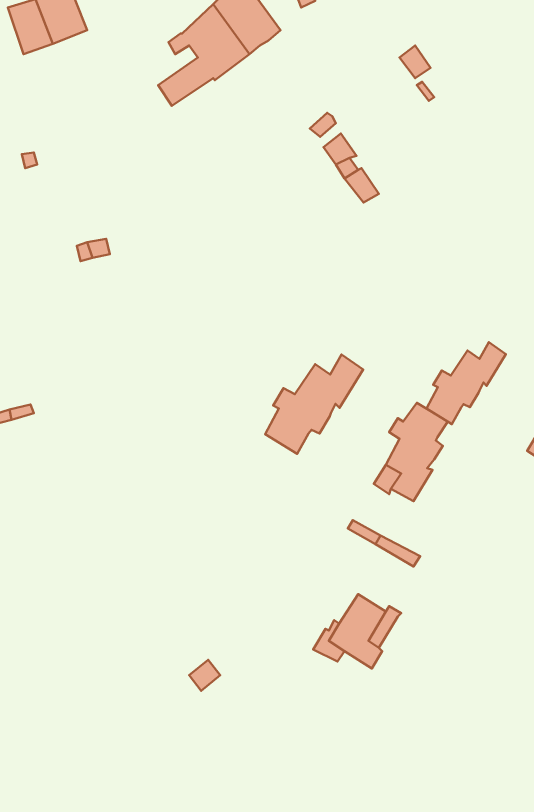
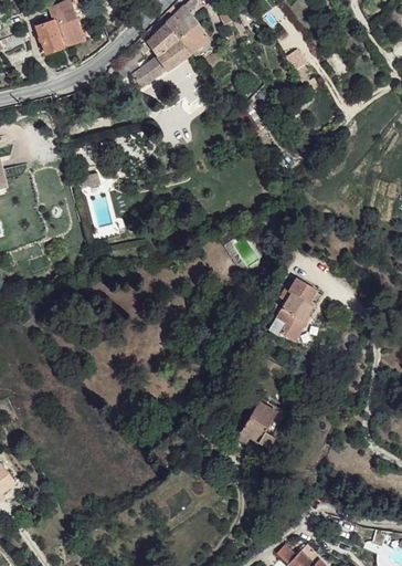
building: [427,342,506,424] -> none
building: [265,354,363,454] -> none

